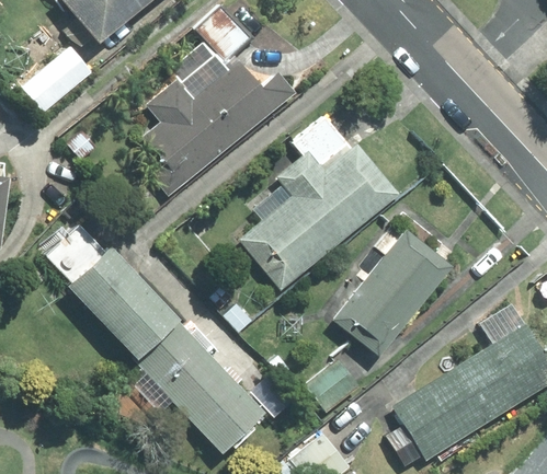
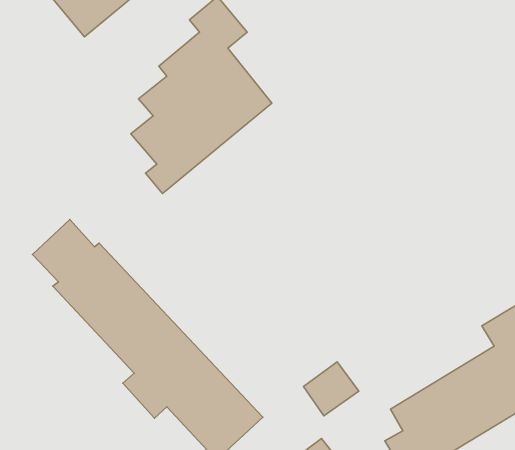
building: [24,45,93,112] -> none
building: [240,112,398,289] -> none
building: [333,230,451,356] -> none

